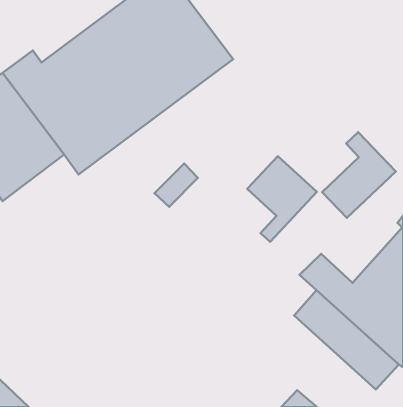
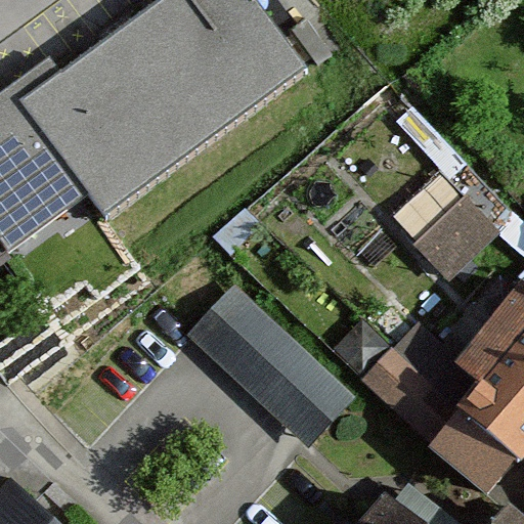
building: [247,156,317,242] -> none
building: none -> [192,270,363,436]

